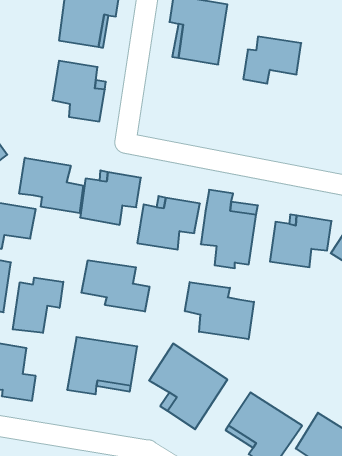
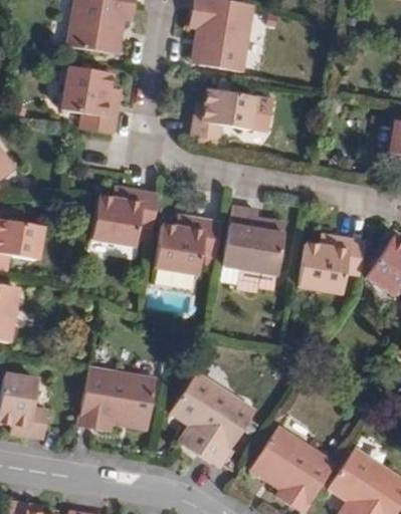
building: [243,37,301,84] -> [193,87,256,139]
building: [19,158,83,213] -> none
building: [81,260,149,312] -> none
building: [13,278,63,333] -> none
building: [185,282,254,339] -> none

